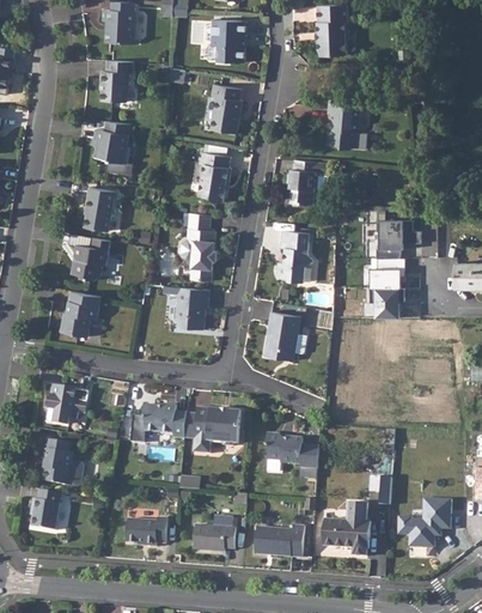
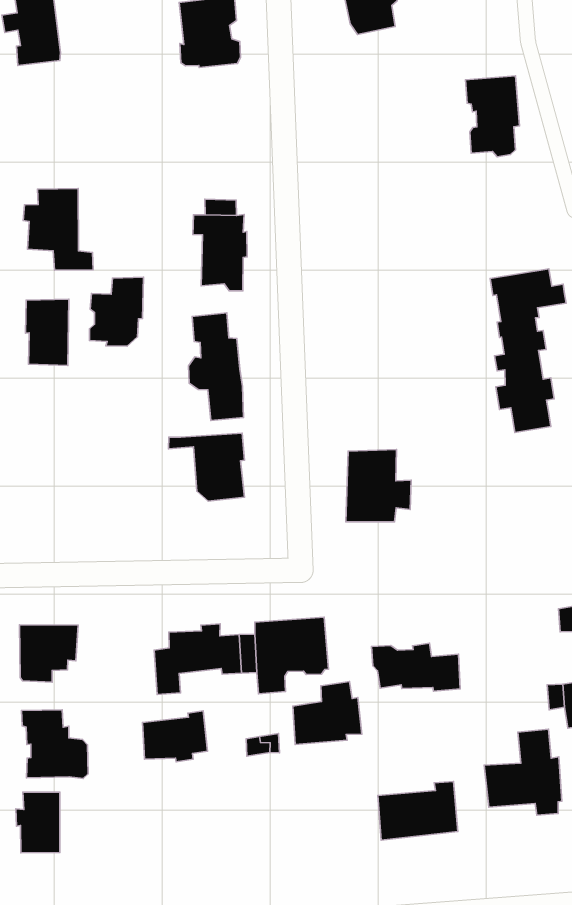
building: [99,60,132,101] -> none
building: [212,85,243,133] -> none
building: [325,99,360,150] -> [465,76,519,157]
building: [286,159,328,204] -> none
building: [276,231,312,281] -> none
building: [71,237,110,280] -> [89,277,144,346]
building: [61,291,100,336] -> none
building: [191,515,234,551] -> [293,681,362,745]
building: [126,517,166,546] -> [143,711,208,762]

